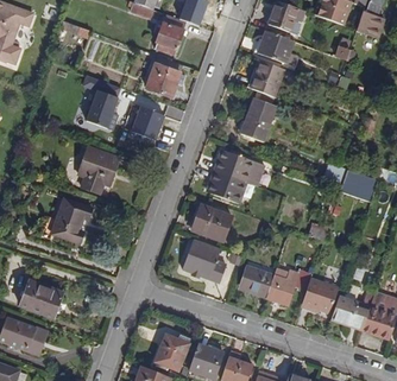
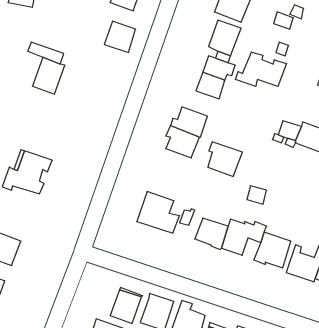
building: none -> [236,52,286,86]
building: [133,106,165,136] -> none
building: [78,147,120,193] -> none
building: [200,207,235,242] -> [208,142,242,176]

